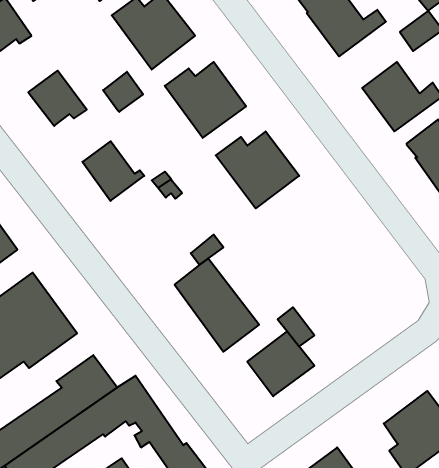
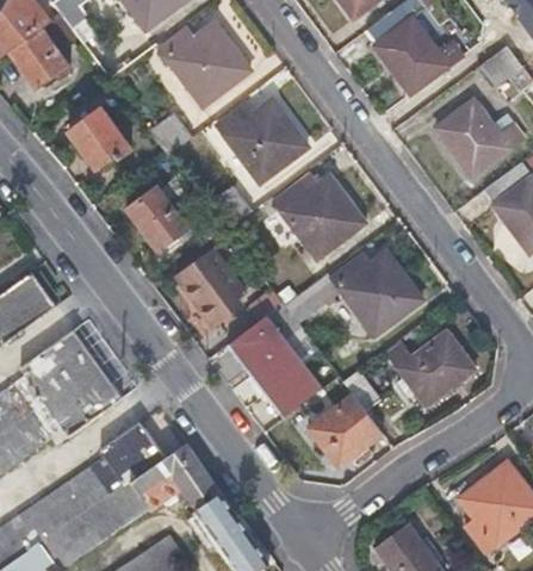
building: none -> [179,252,244,324]
building: none -> [330,253,422,336]
building: none -> [388,331,475,406]

